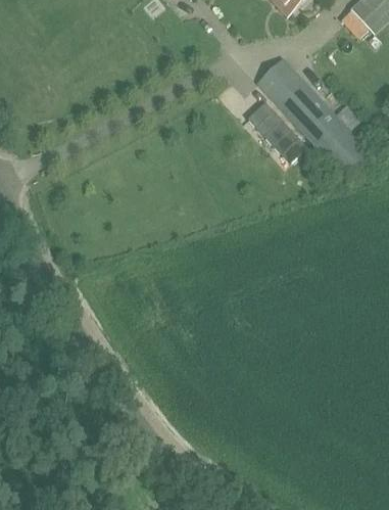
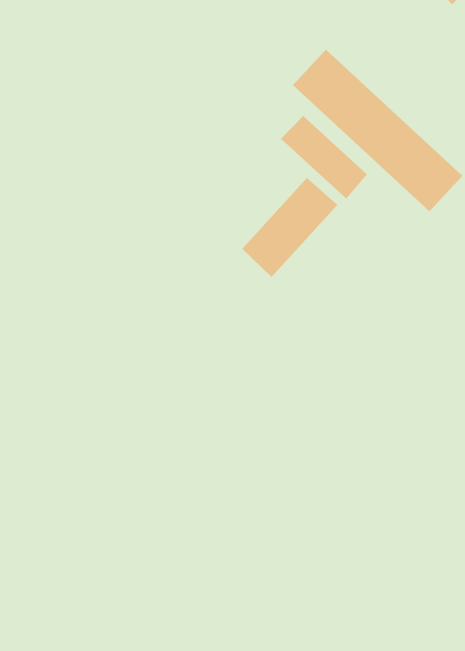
building: none -> [241,177,338,278]

